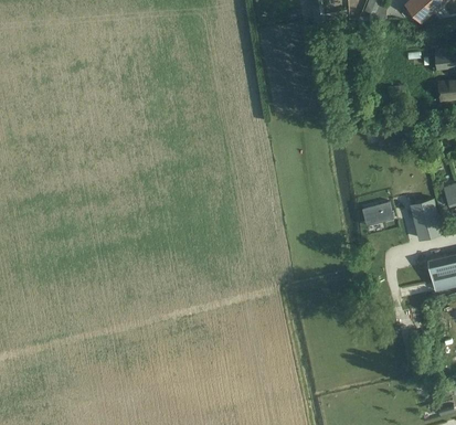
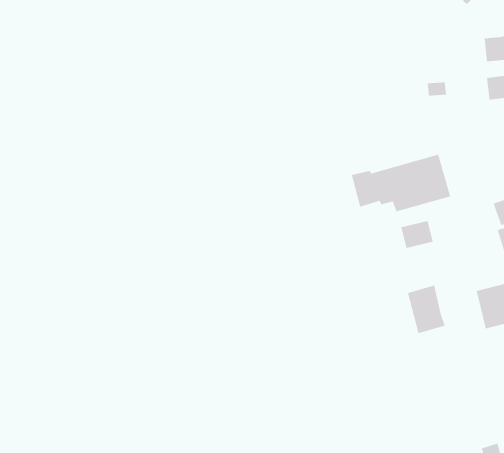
building: none -> [351,154,451,212]
building: [410,199,442,240] -> [407,285,445,334]

